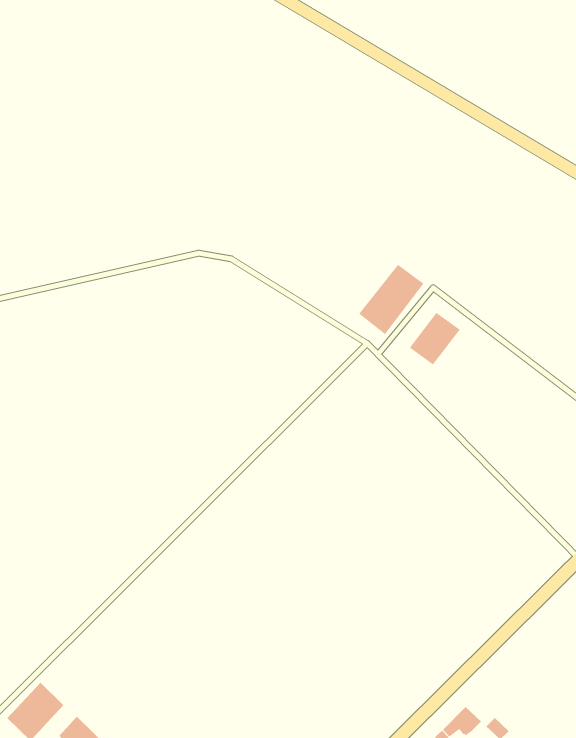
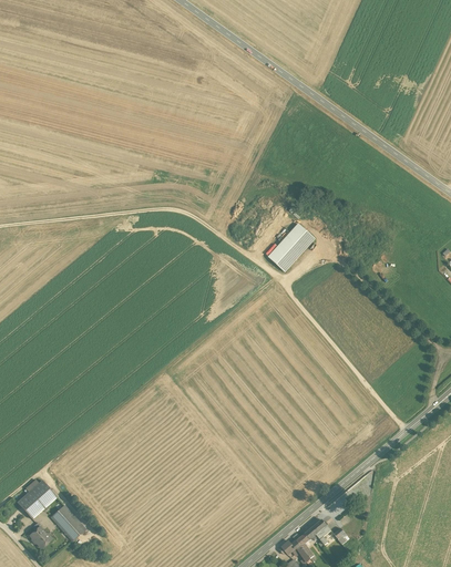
building: [409,312,461,366] -> none

